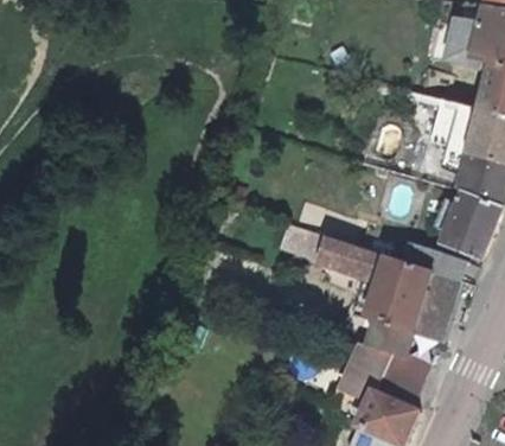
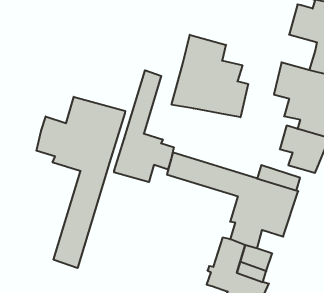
building: none -> [172,35,248,117]
building: none -> [114,70,174,182]
building: none -> [36,97,125,268]

